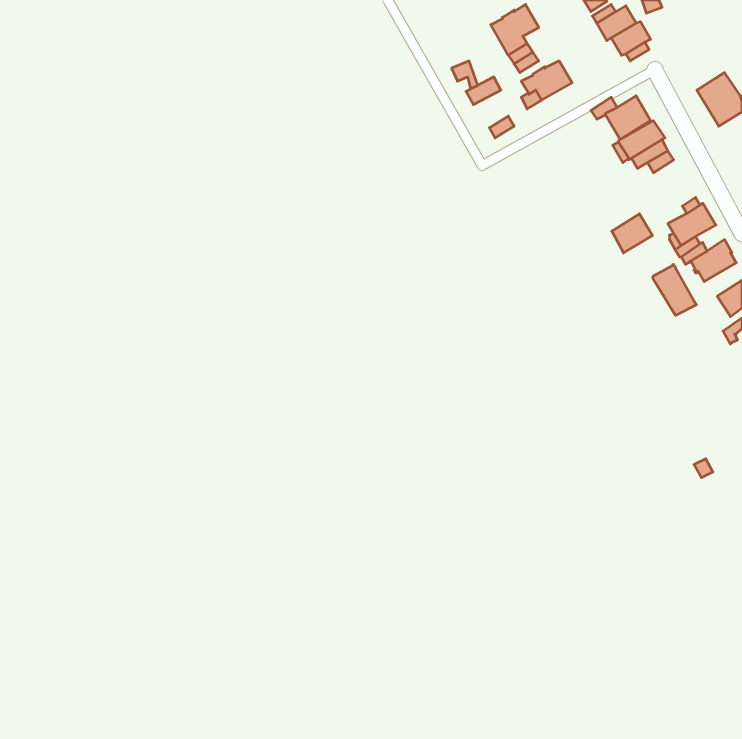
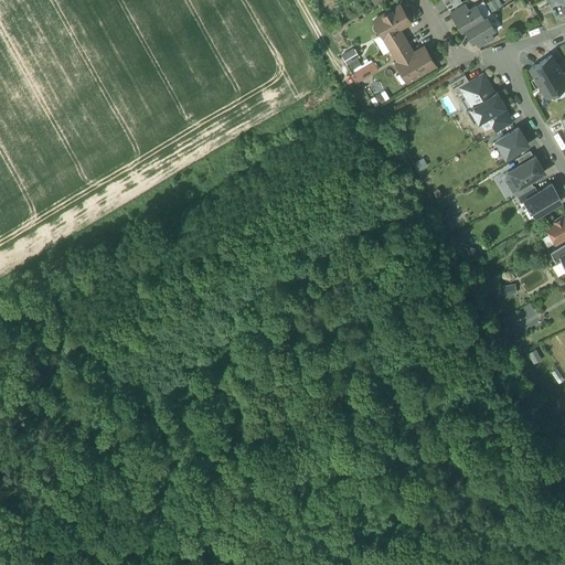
building: [612,214,652,253] -> [497,129,527,159]
building: [653,264,696,315] -> none

